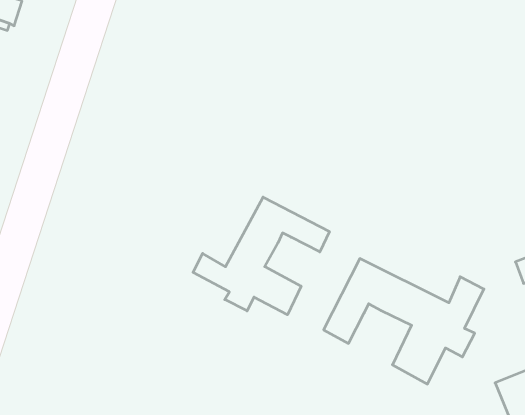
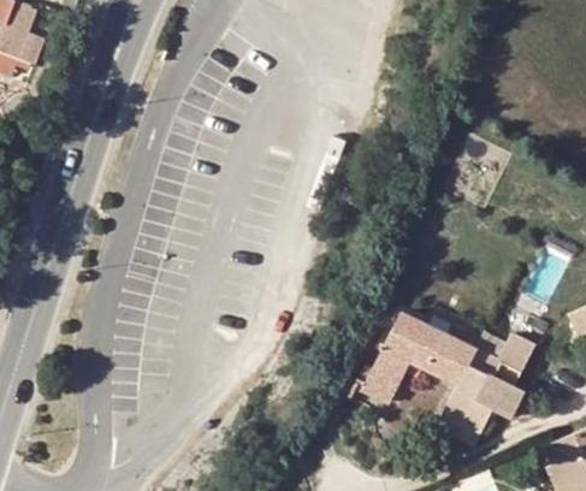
building: [193,197,329,315] -> none

